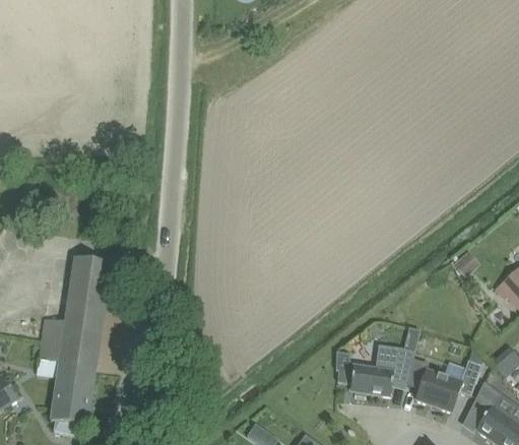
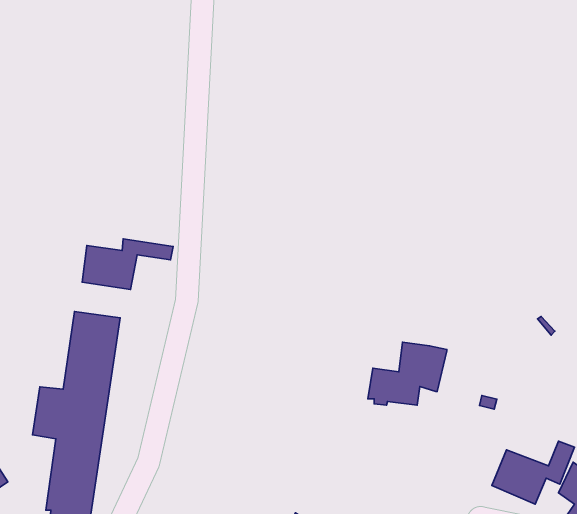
building: none -> [82,239,173,289]
building: [349,344,414,396] -> [368,342,447,405]

